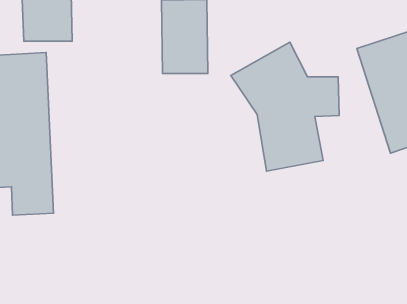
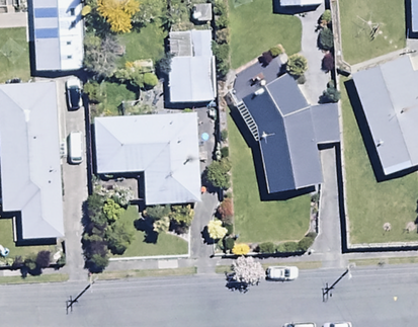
building: none -> [95,112,201,205]

